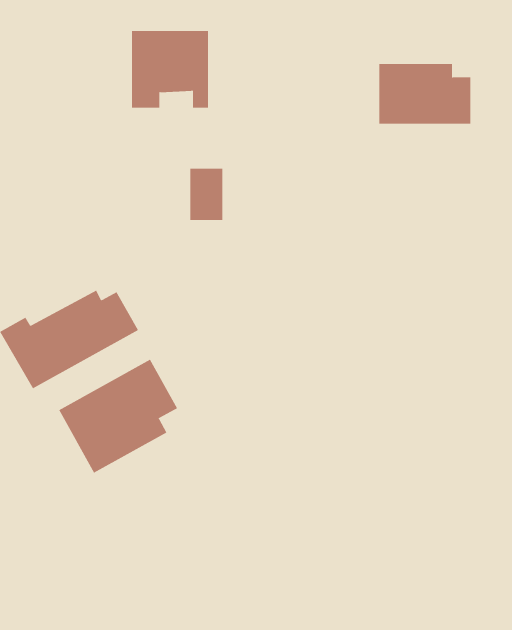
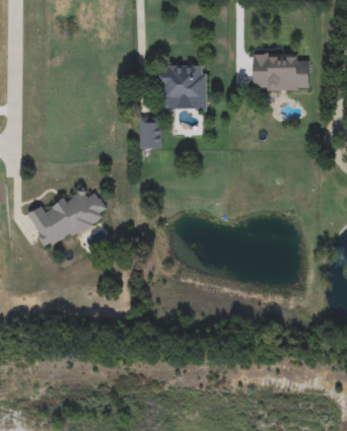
building: [131,30,209,108] -> [158,65,205,112]
building: [59,359,178,474] -> none

